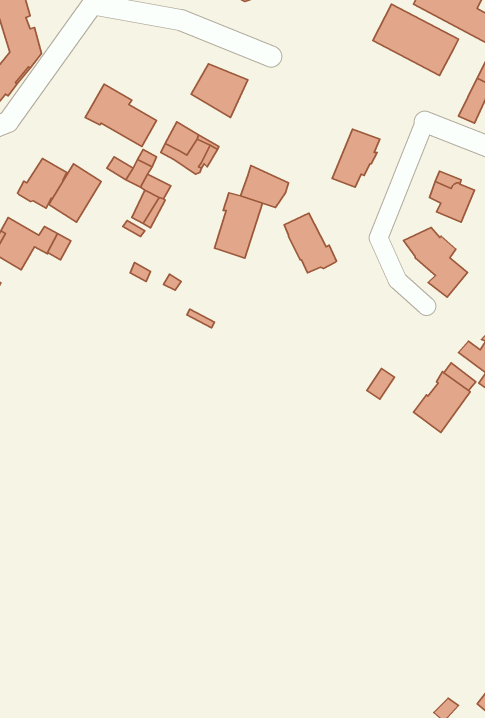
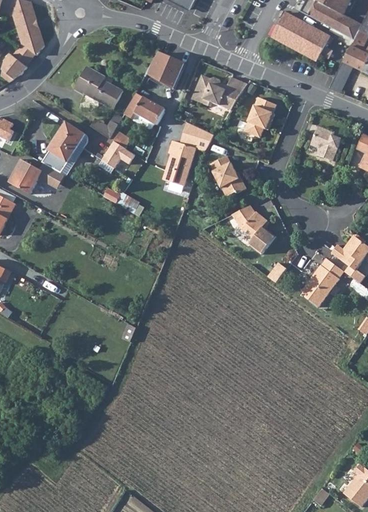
building: none -> [191,74,247,110]
building: [17,158,67,208] -> none
building: [404,227,467,297] -> [231,205,275,253]

